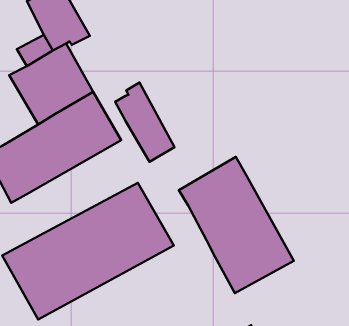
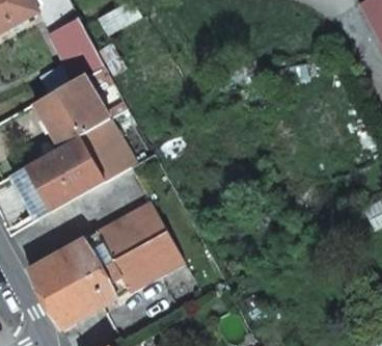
building: [115,83,174,162] -> none
building: [179,157,294,293] -> none

